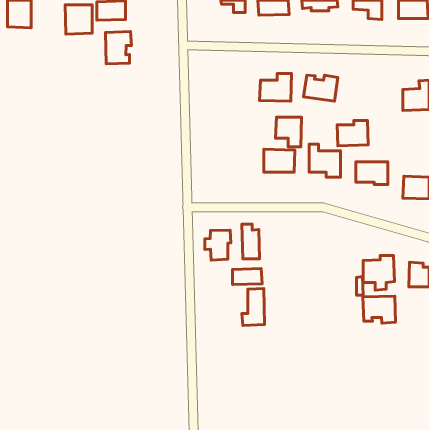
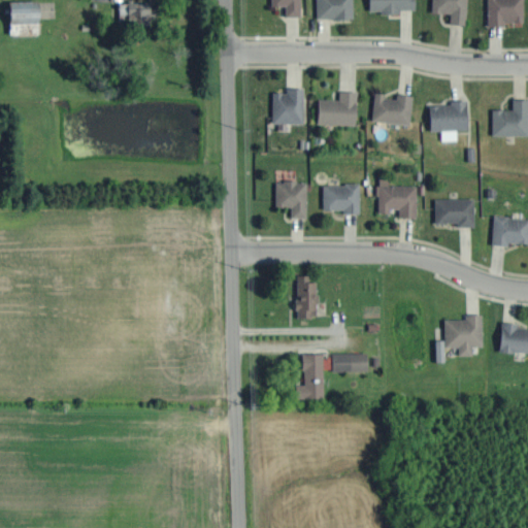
building: [65,5,92,34] -> none
building: [105,32,132,64] -> none
building: none -> [272,87,304,124]
building: [275,117,302,147] -> [275,182,307,218]
building: [337,121,368,146] -> [430,100,468,131]
building: [205,230,231,260] -> none
building: [233,269,262,285] -> [332,353,368,372]
building: [363,296,396,323] -> none

